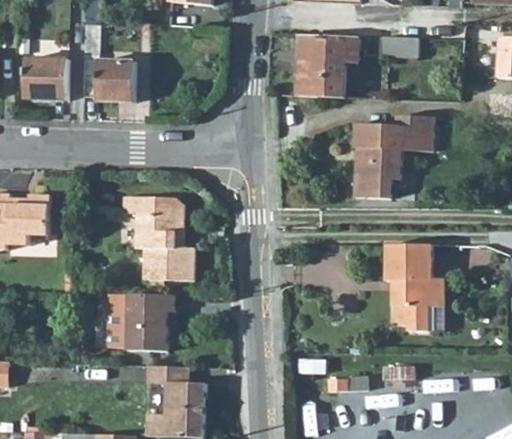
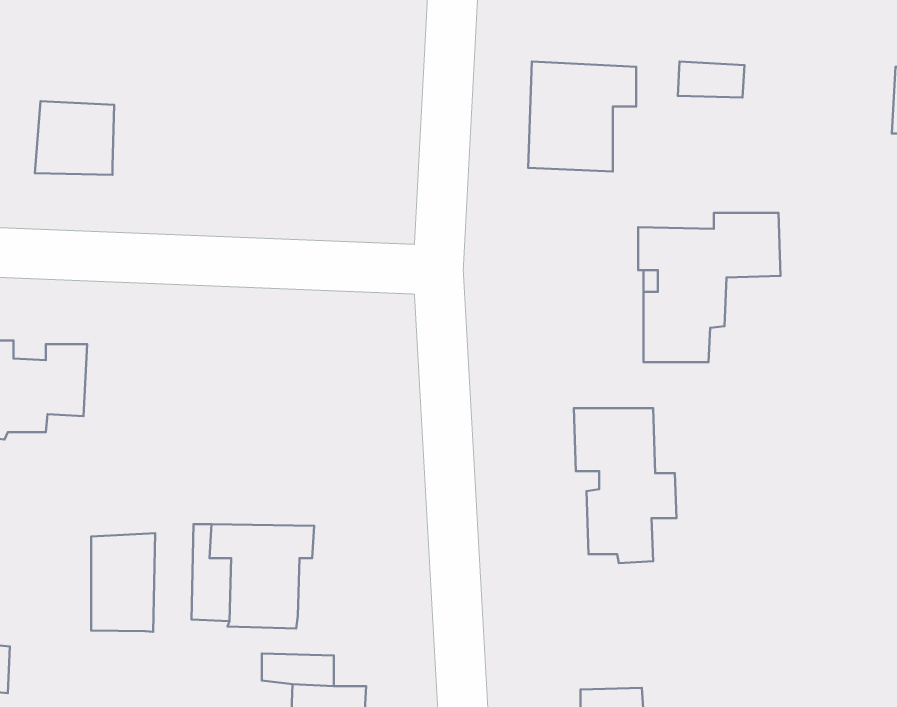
building: [80,19,133,101] -> none
building: [121,196,195,280] -> none
building: [387,249,444,335] -> [574,408,677,563]
building: none -> [91,533,155,632]

